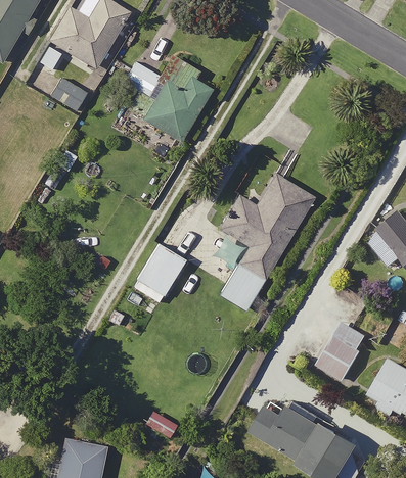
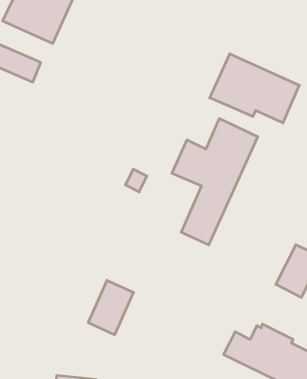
building: [122,57,215,142] -> none
building: none -> [210,54,299,123]
building: [133,242,186,302] -> [88,280,134,335]

